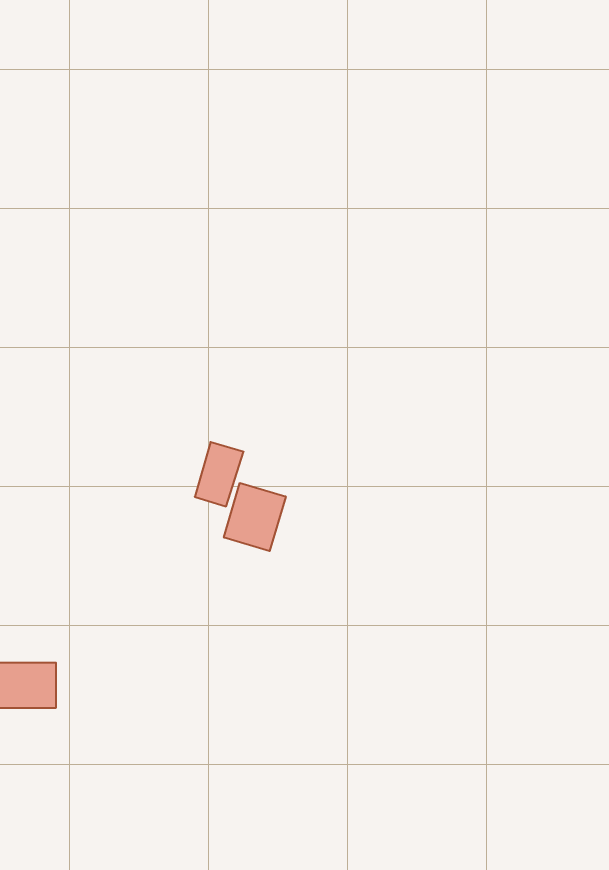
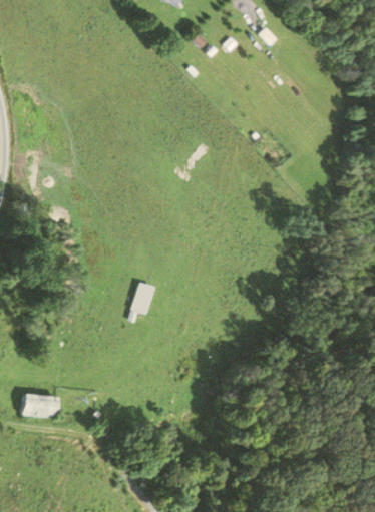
building: [224,483,286,551] -> none

